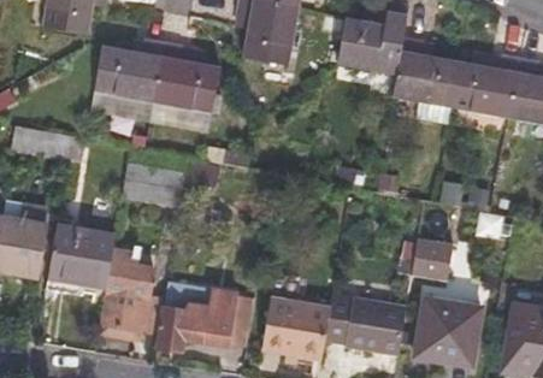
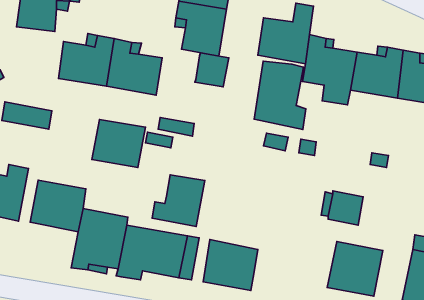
building: none -> [195,53,229,87]
building: none -> [254,61,306,130]
building: none -> [152,175,205,227]
building: [327,295,412,355] -> none

